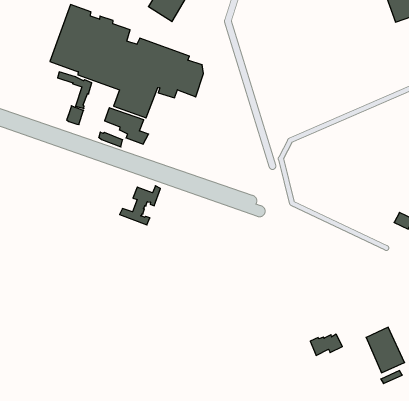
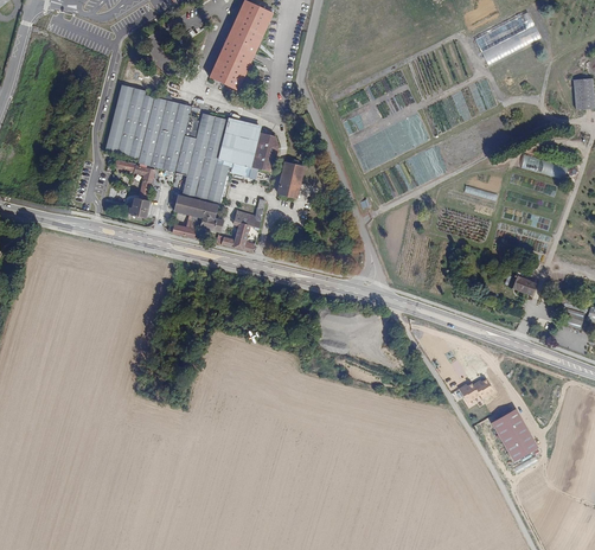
building: none -> [277,159,303,197]
building: [120,186,160,225] -> [220,206,263,251]
building: [310,334,342,355] -> [459,377,495,403]

